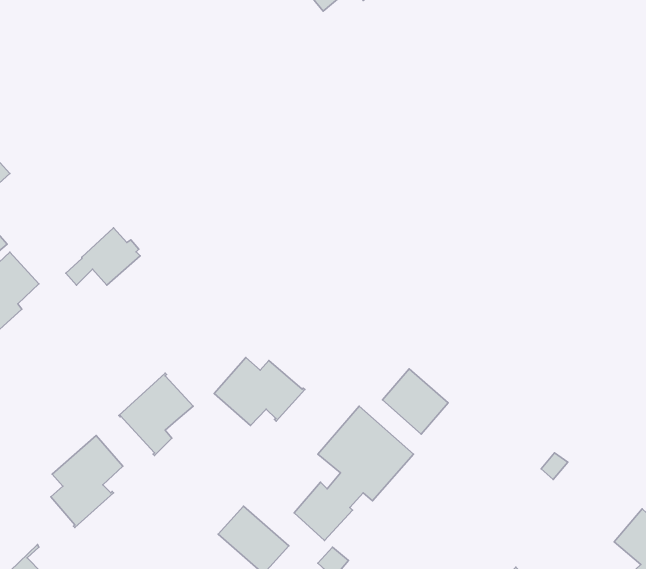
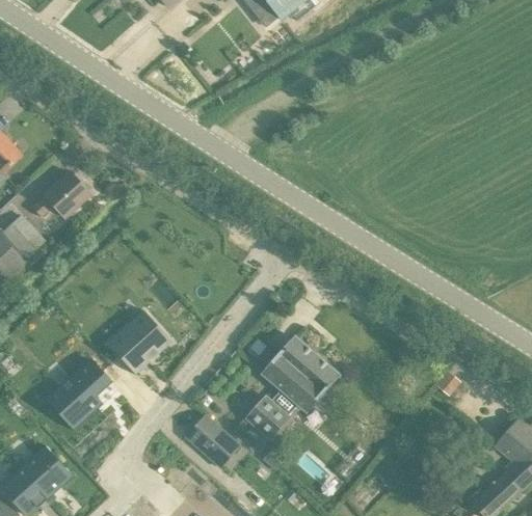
building: [66,228,140,285] -> [33,171,91,216]
building: [214,358,305,425] -> none
building: [382,369,448,434] -> none

